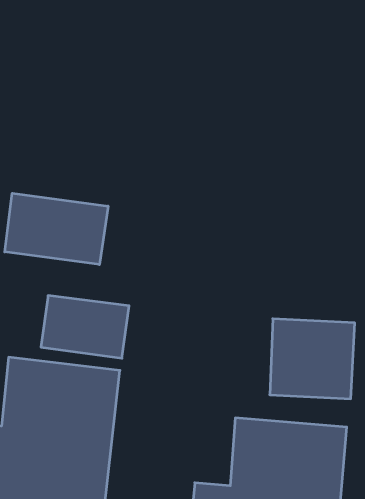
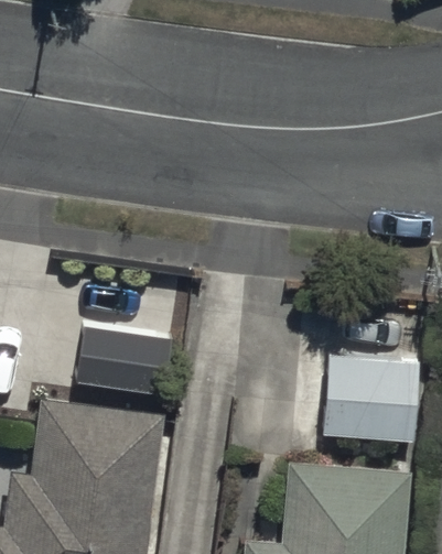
building: [5,193,108,265] -> none

